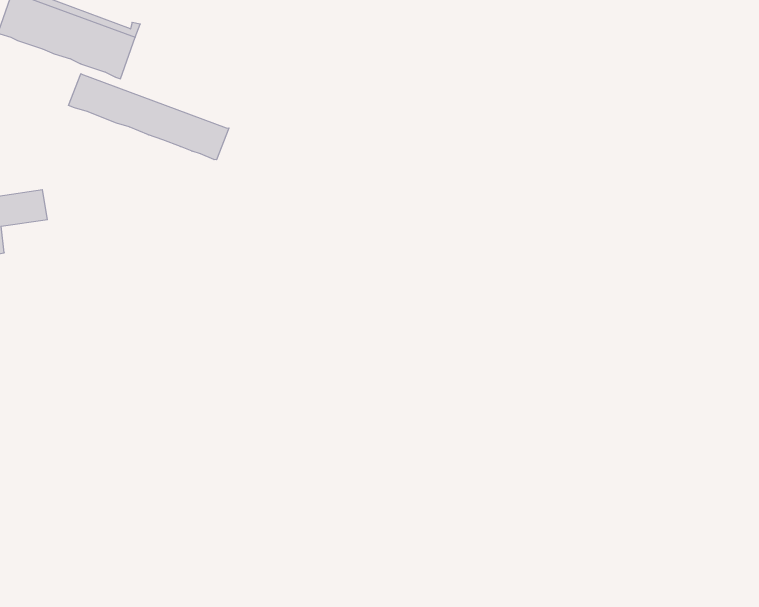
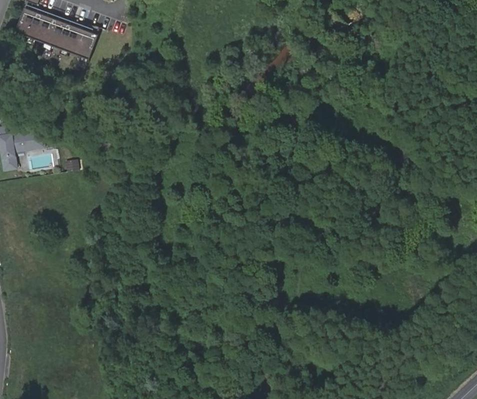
building: [69,74,229,160] -> none

